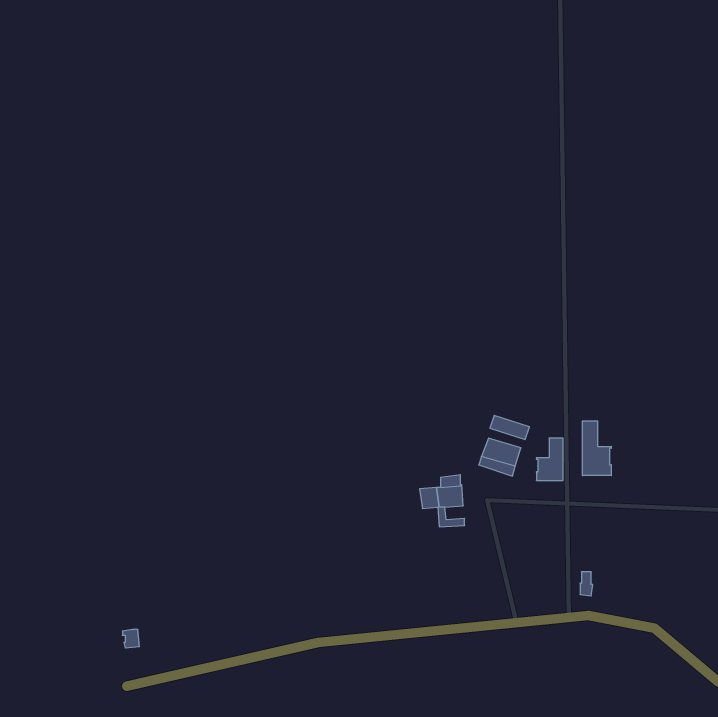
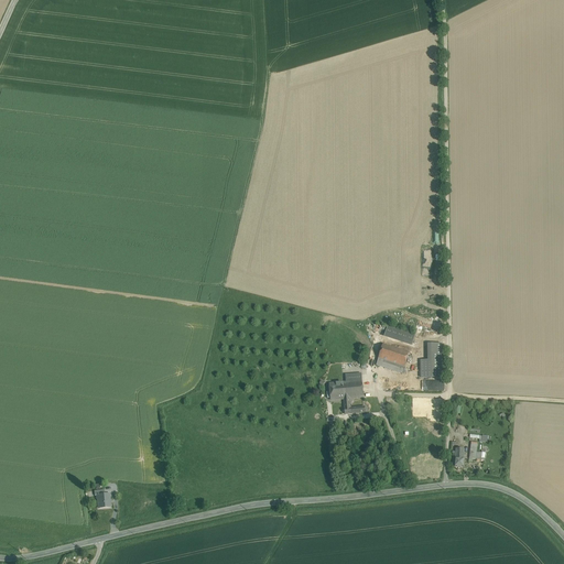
building: [582,421,611,476] -> none

